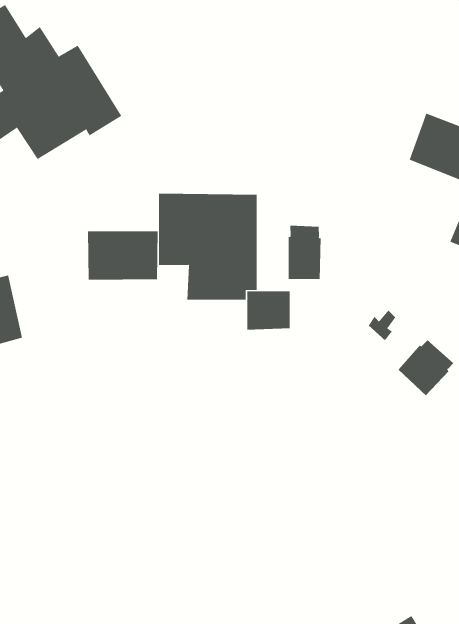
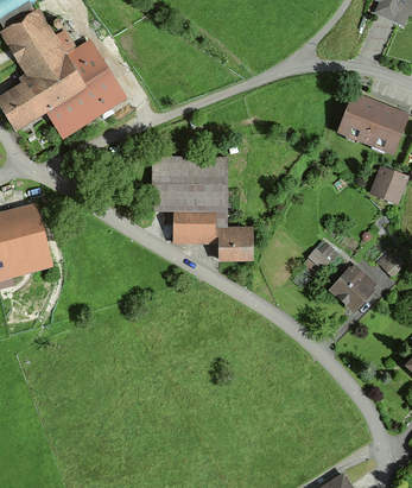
building: [288,225,321,280] -> none
building: [88,230,158,280] -> none

